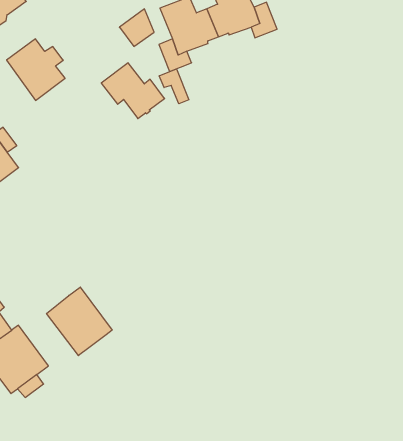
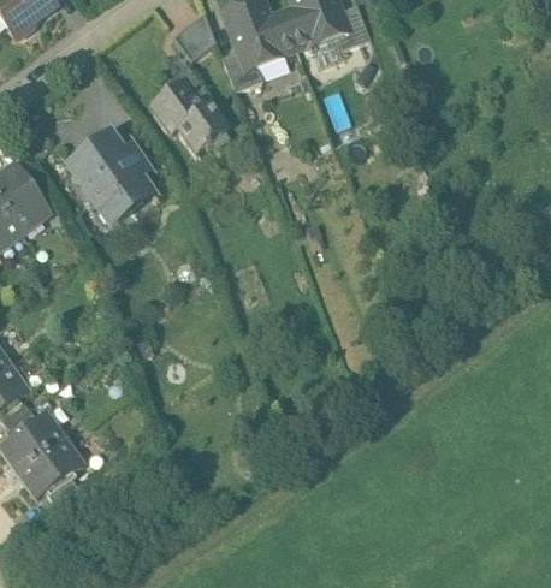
building: [7,39,65,100] -> [73,139,147,216]
building: [159,69,189,104] -> none
building: [47,287,112,356] -> none

